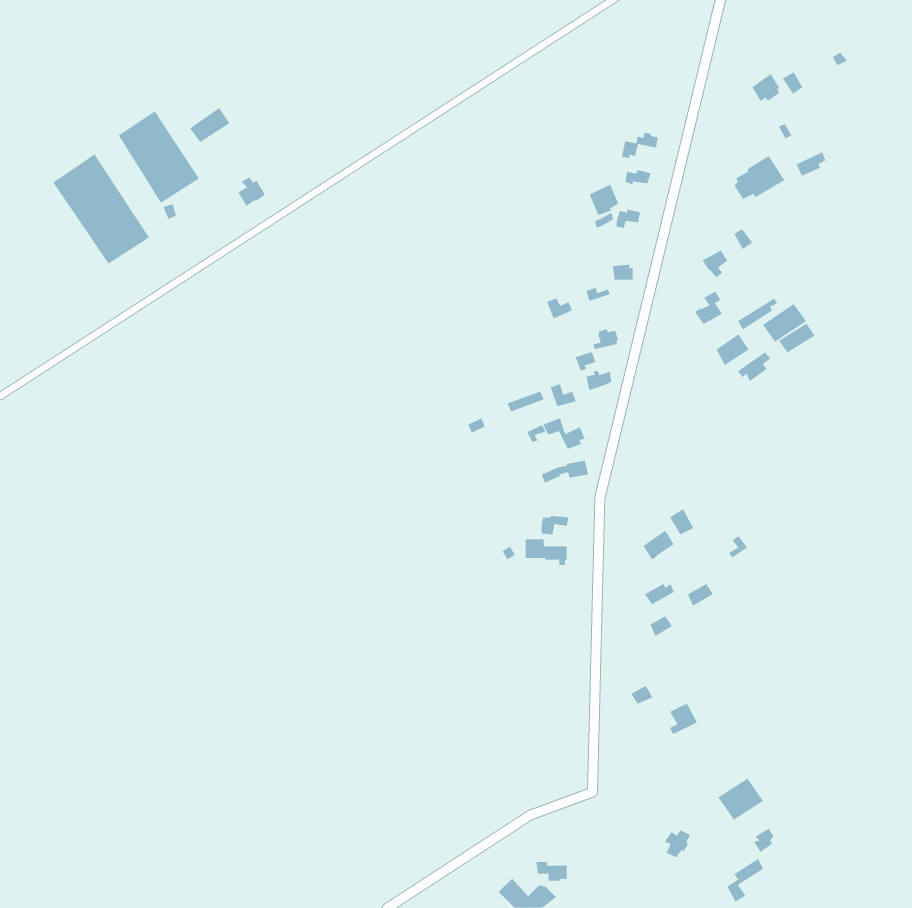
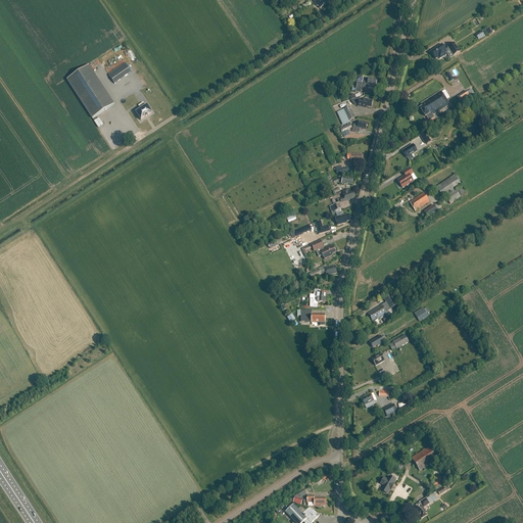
building: [52,154,150,264] -> none

